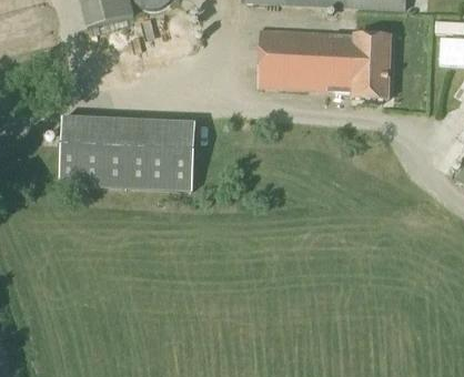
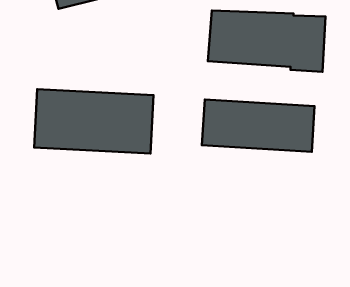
building: none -> [202,100,315,152]

